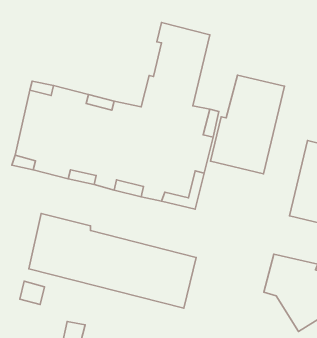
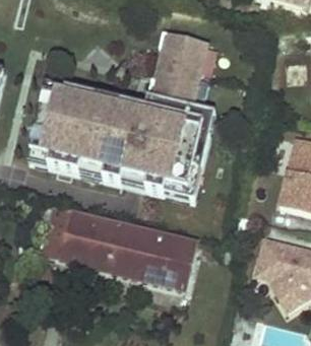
building: [210,75,285,174] -> none

